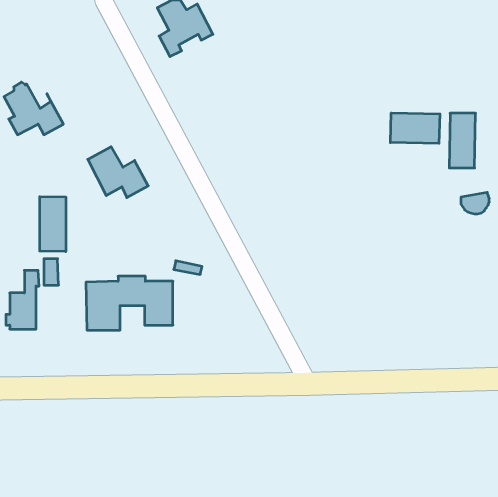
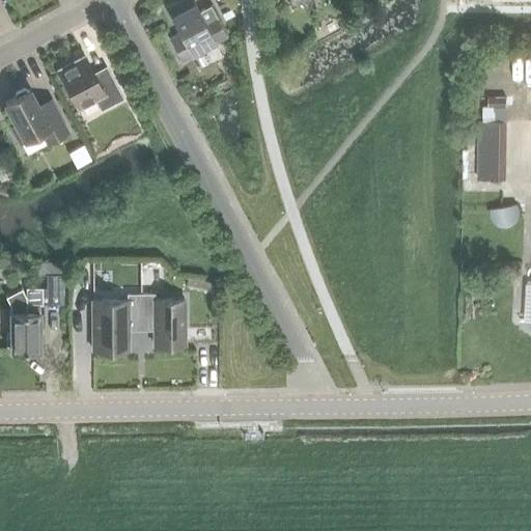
building: [390,113,440,143] -> none
building: [88,147,148,198] -> [59,58,123,112]
building: [40,197,66,252] -> none

